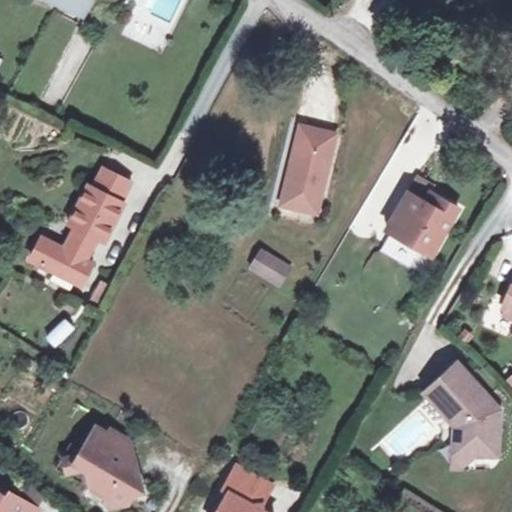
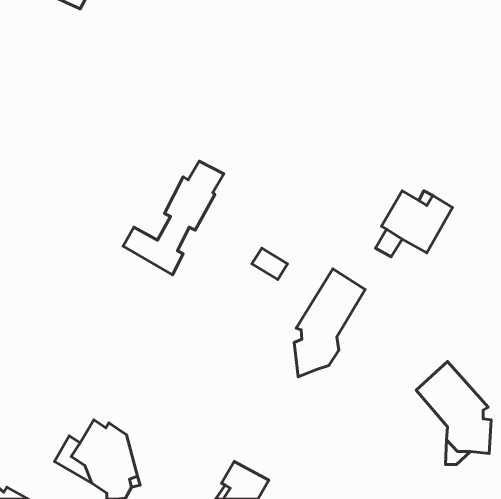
building: [286,128,340,214] -> none
building: [28,167,130,282] -> [123,161,224,275]
building: none -> [294,269,365,377]

